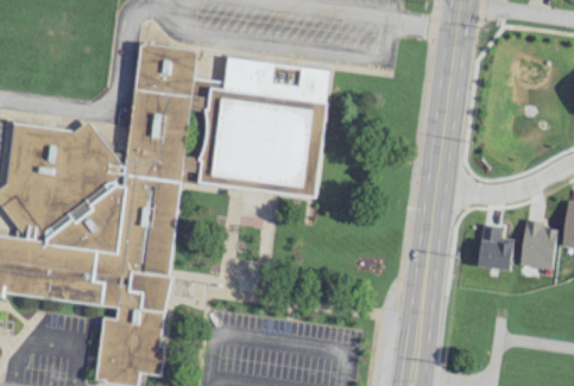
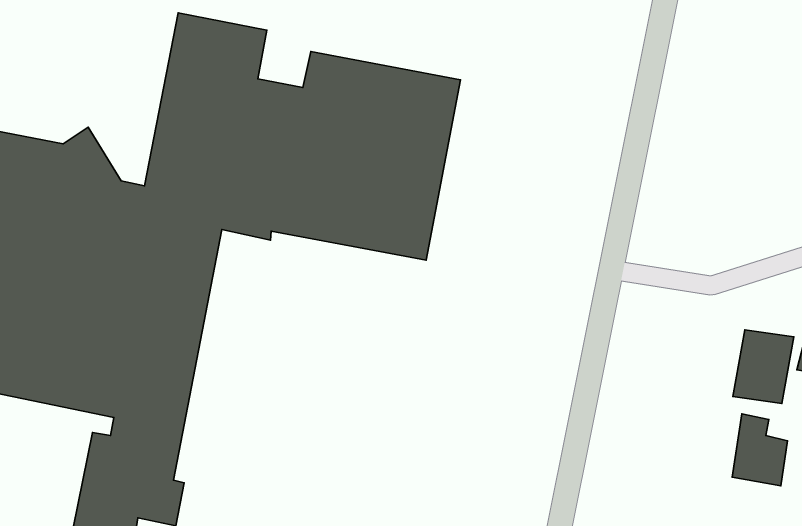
building: [479,224,513,270] -> [732,414,788,486]

